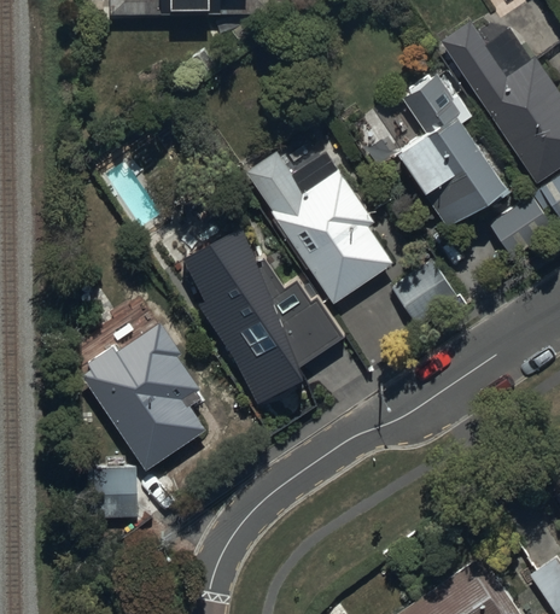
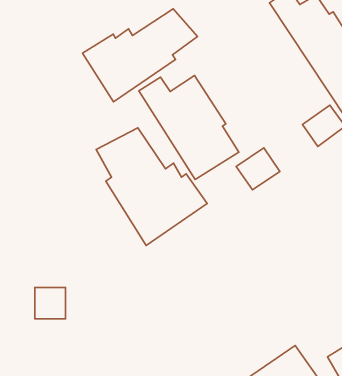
building: none -> [83,9,198,102]
building: [398,65,512,229] -> none
building: [74,311,209,470] -> none

